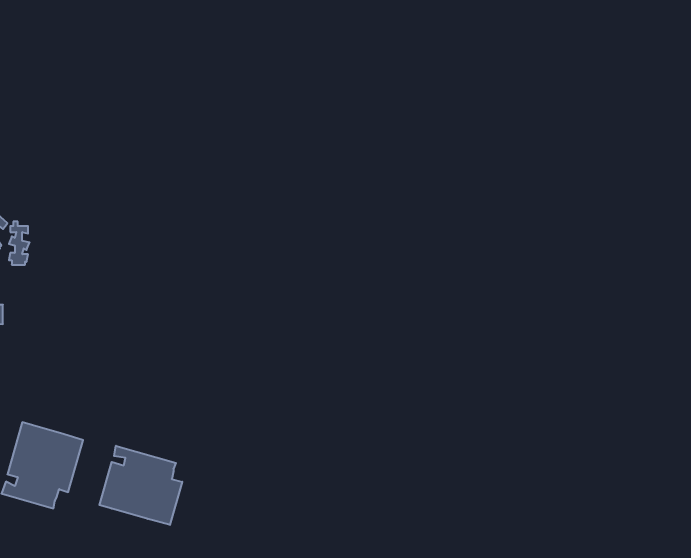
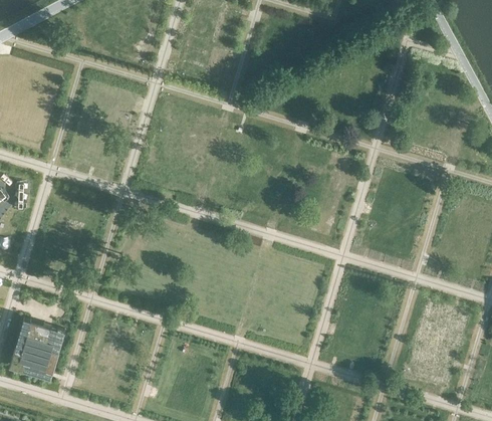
building: [99,446,182,525] -> none

